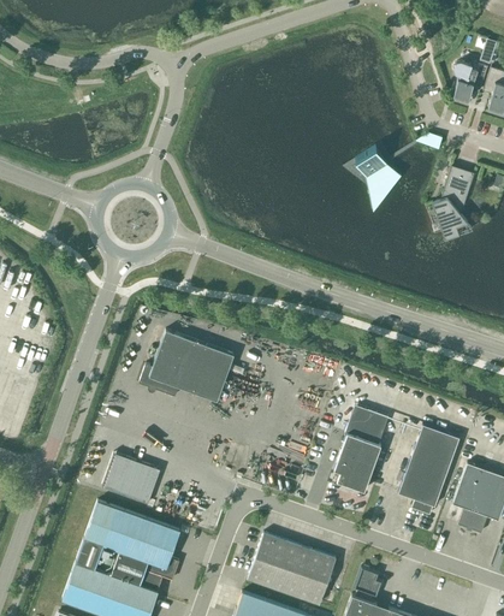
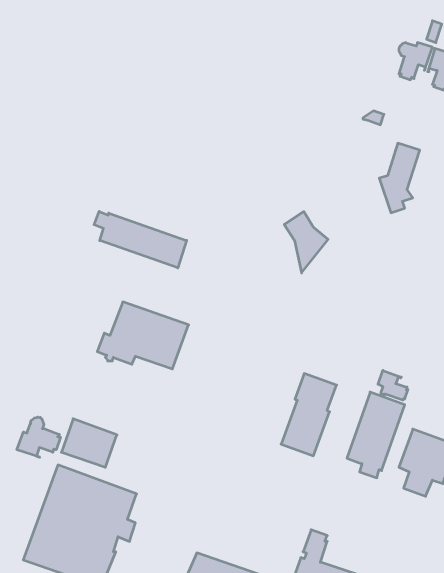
building: [355,148,401,212] -> [284,212,328,273]
building: none -> [94,211,187,268]
building: none -> [378,370,408,400]
building: none -> [17,417,60,457]
building: [247,533,336,605] -> none

